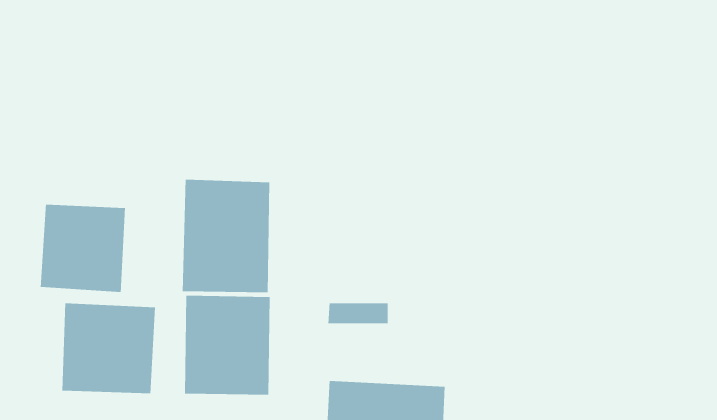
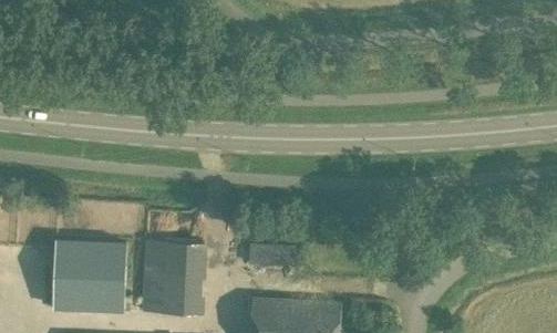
building: [182,179,270,293] -> none
building: [40,204,126,293] -> none

